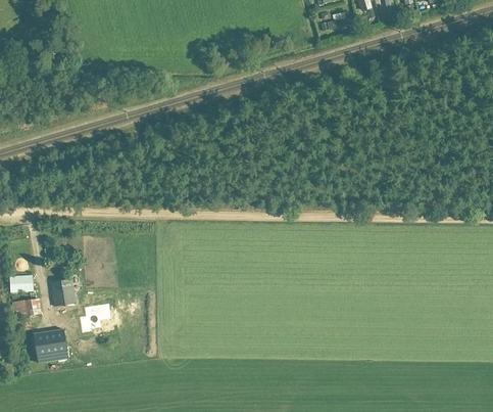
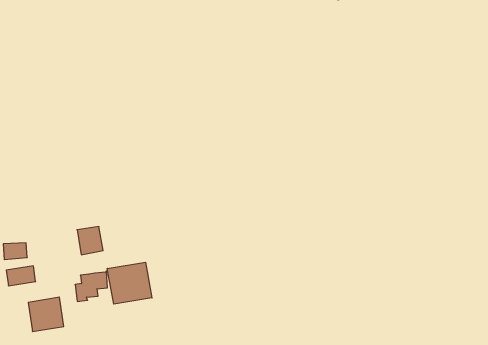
building: [47,277,72,305] -> [77,227,103,255]
building: none -> [107,262,152,304]

